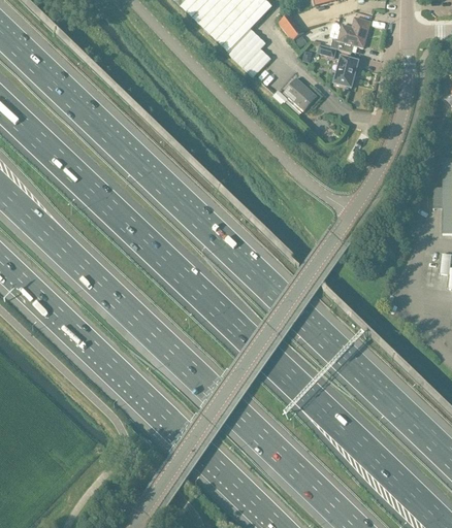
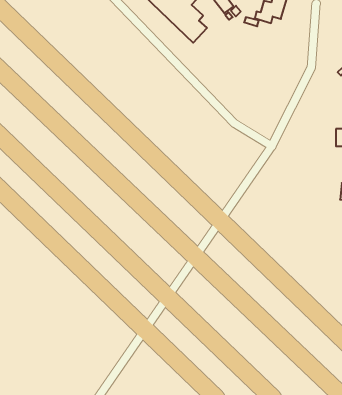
building: [333,55,358,87] -> none
building: [284,76,315,107] -> none

